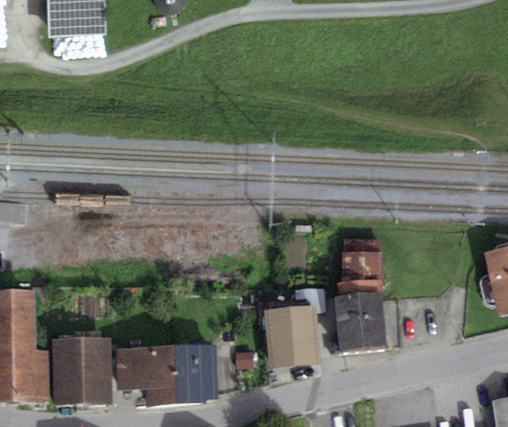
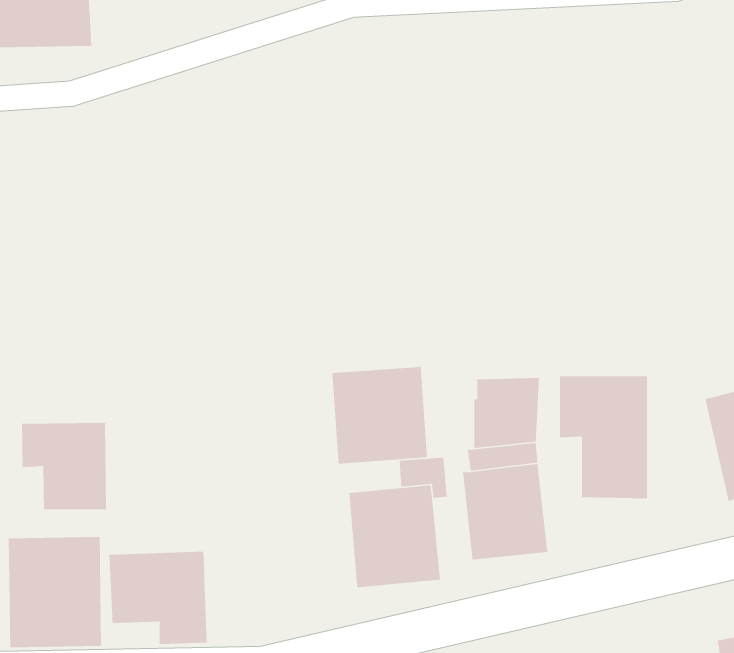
building: none -> [332,366,428,464]
building: none -> [559,376,648,499]
building: none -> [21,422,107,510]
building: [175,344,217,403] -> none

